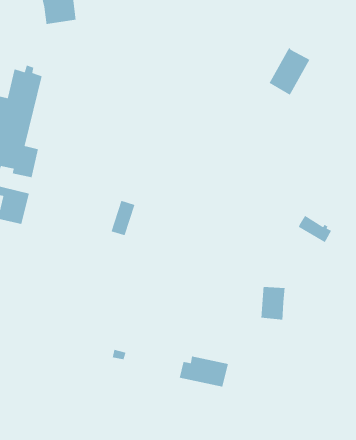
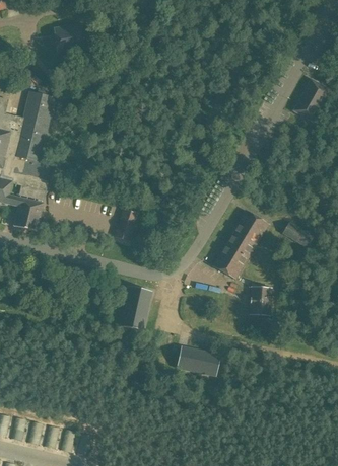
building: [269,47,311,96] -> [292,78,330,122]
building: none -> [211,210,268,279]
building: none -> [121,286,150,330]

